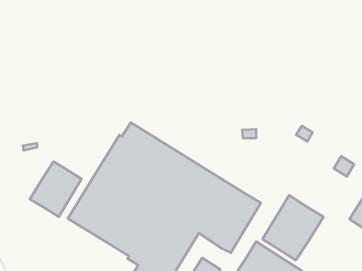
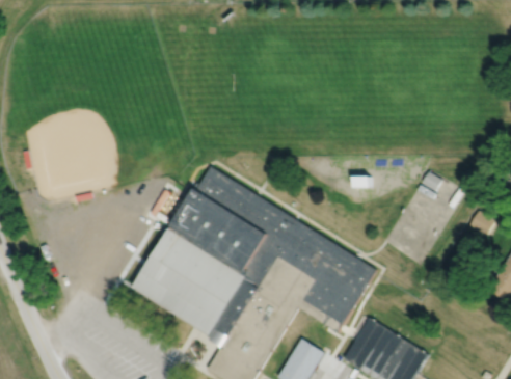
building: [30,161,81,217] -> none
building: [263,195,324,260] -> none

